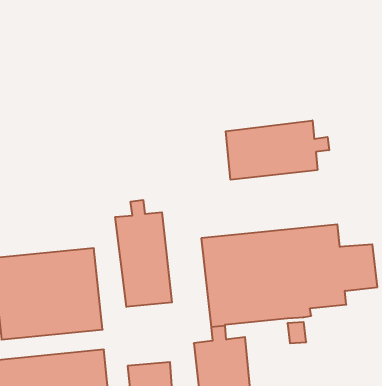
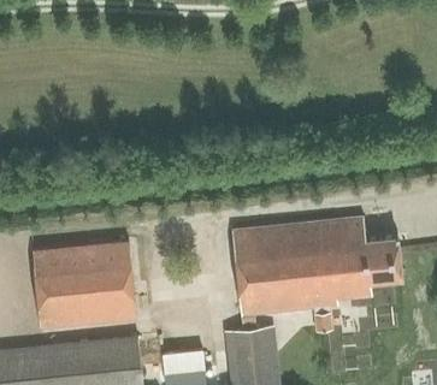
building: [226,120,329,180] -> none
building: [115,200,172,307] -> none

